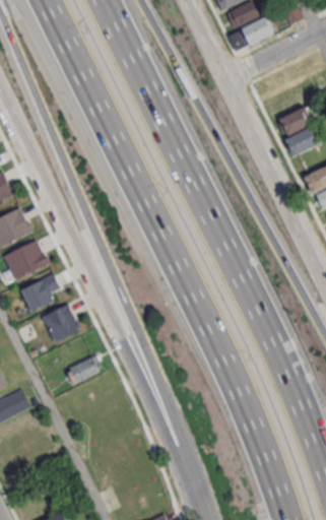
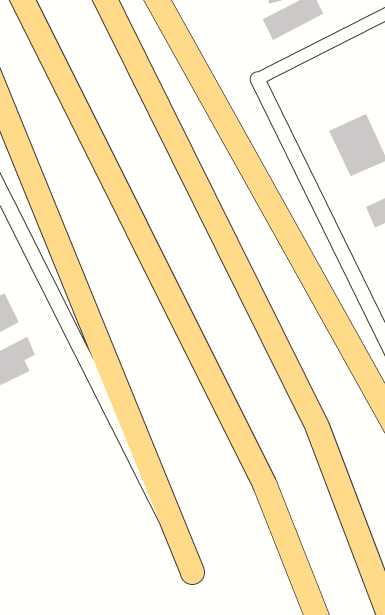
building: [42,304,80,342] -> none
building: [69,355,103,383] -> none

